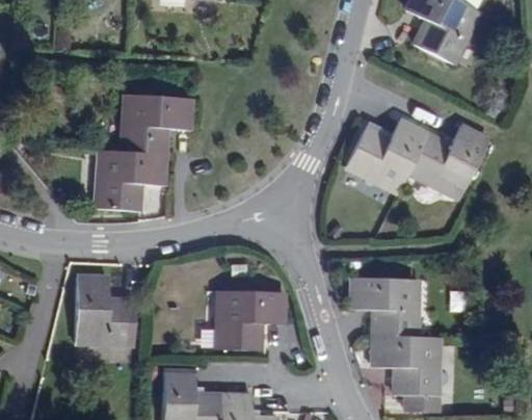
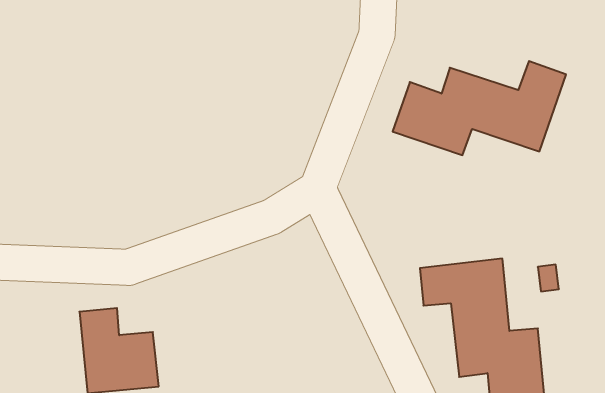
building: [98,94,193,209] -> none
building: [216,290,285,349] -> none

